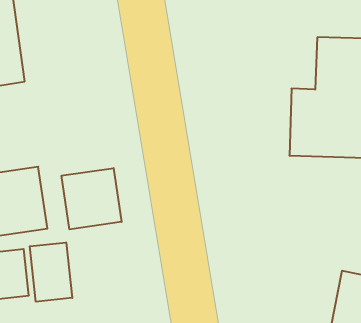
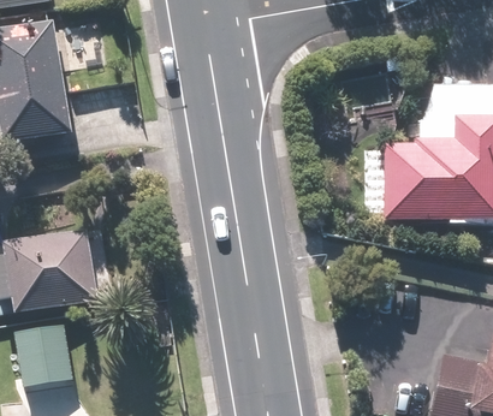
building: [62,168,122,229] -> none
building: [30,242,72,302] -> none

